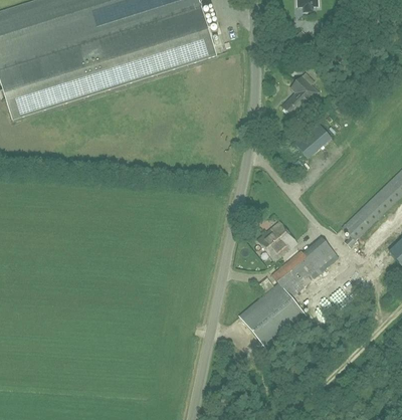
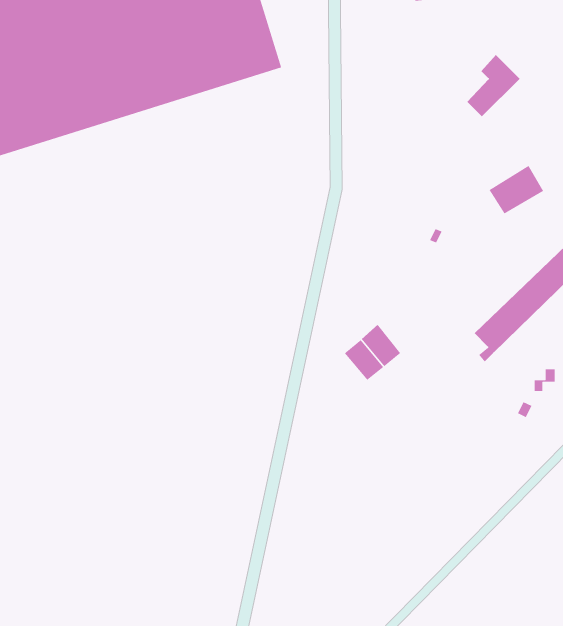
building: [281,75,317,117] -> [466,54,520,117]
building: [296,122,333,154] -> [489,165,544,214]
building: [238,237,338,347] -> none

